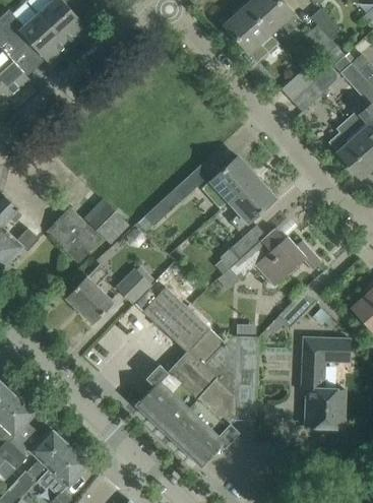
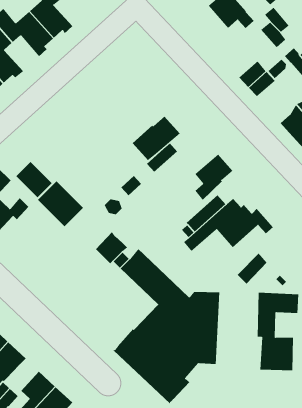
building: [225,7,277,74] -> none
building: [201,158,257,209] -> [132,116,180,161]
building: [85,200,128,243] -> [16,161,52,198]
building: [65,264,115,324] -> none

